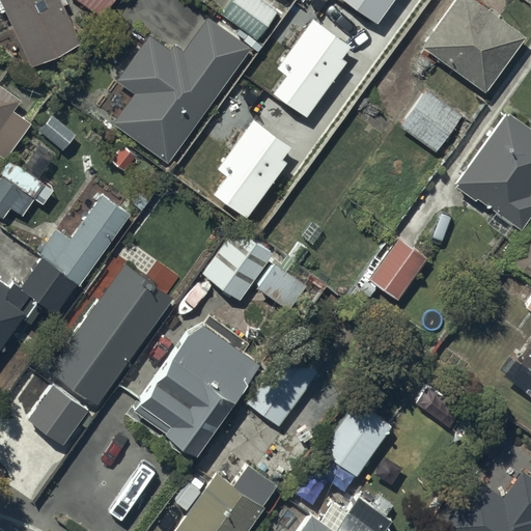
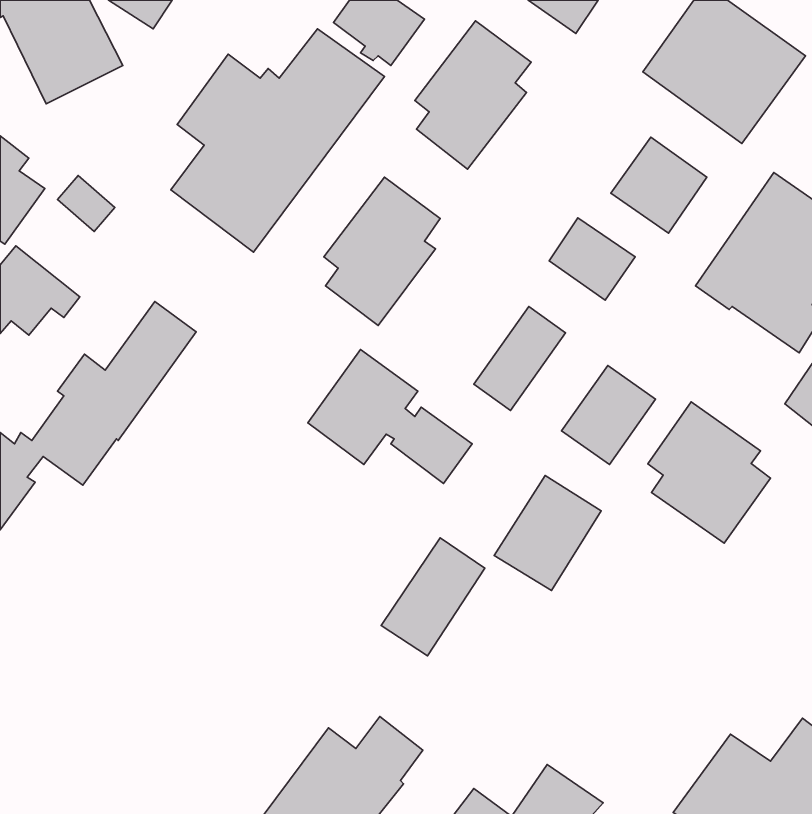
building: none -> [549,218,635,300]
building: none -> [474,306,565,410]
building: none -> [648,402,771,543]
building: [48,268,171,406] -> none
building: [134,315,260,460] -> none
building: [29,387,87,445] -> none
building: [322,403,391,478] -> [494,476,601,591]

